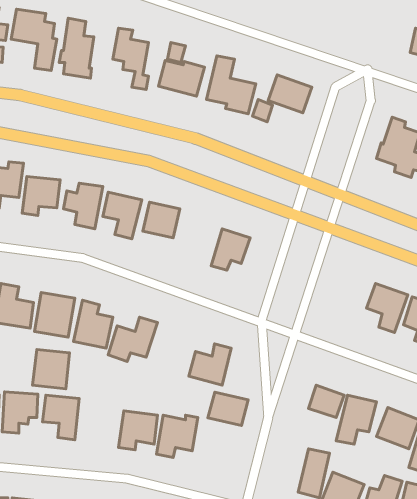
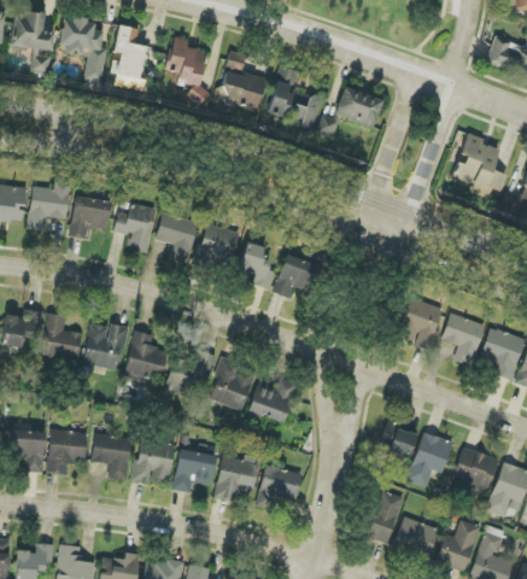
building: none -> [240,242,275,288]
building: none -> [399,299,443,350]
building: none -> [210,358,257,410]
building: [32,350,69,389] -> [134,440,174,482]
building: [208,392,248,426] -> [259,466,303,502]

